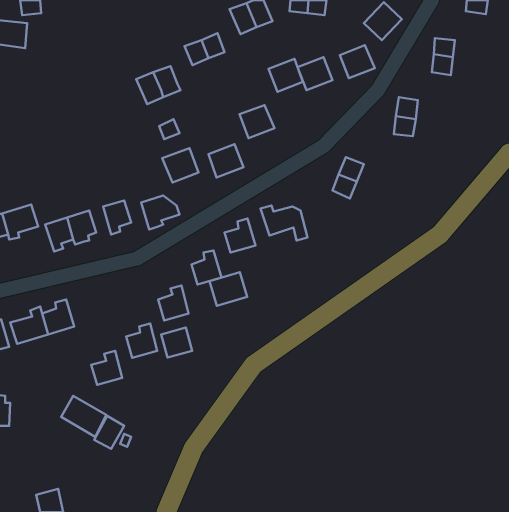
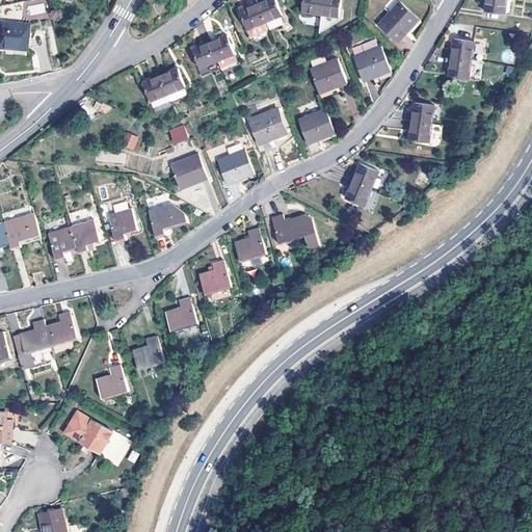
building: [269,59,303,92] -> [297,109,332,143]
building: [210,272,247,306] -> none
building: [161,327,192,358] -> none

